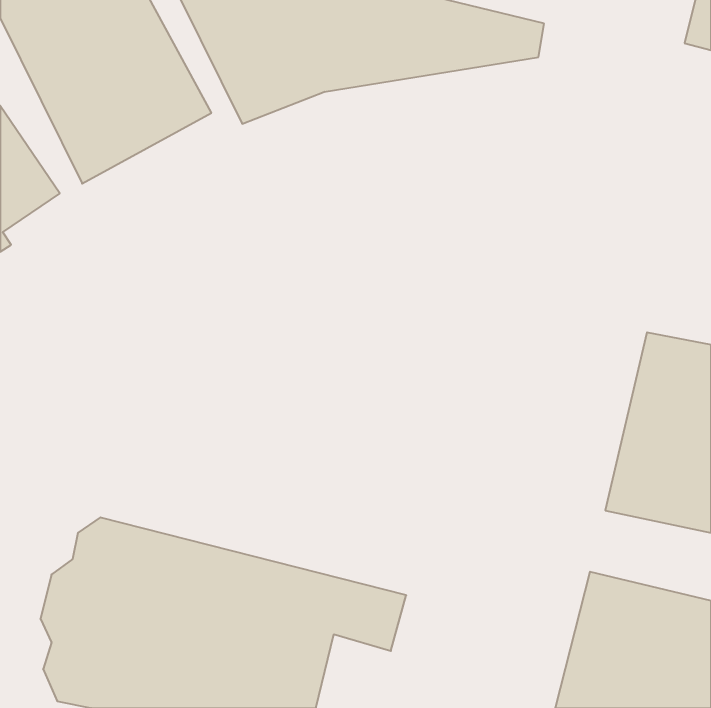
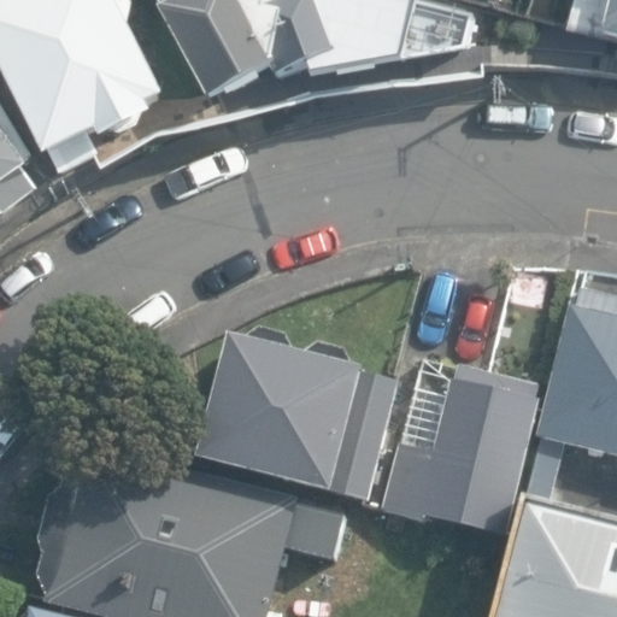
building: none -> [186,336,360,492]
building: none -> [355,372,515,534]

